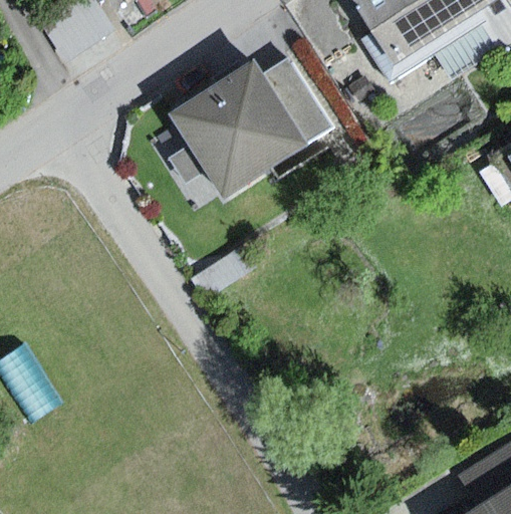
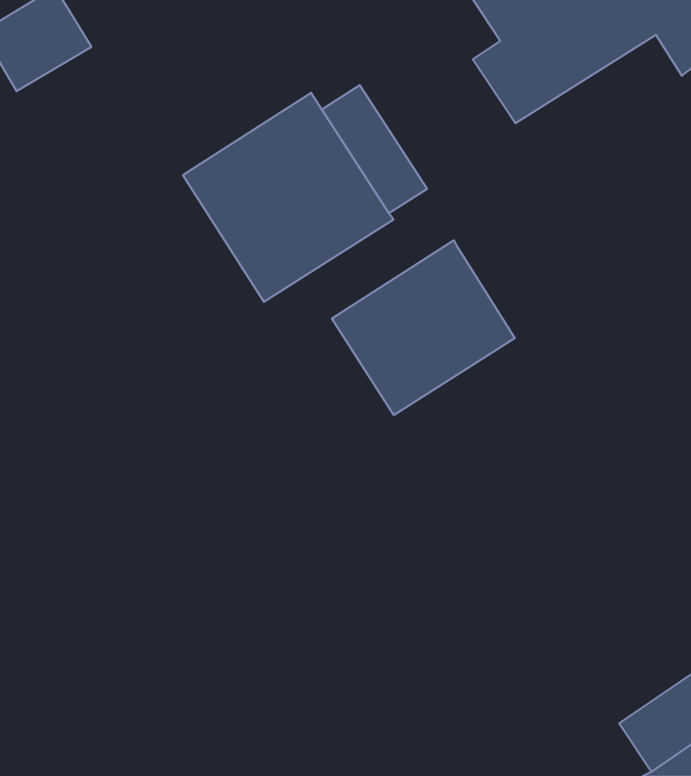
building: none -> [332,240,515,415]

